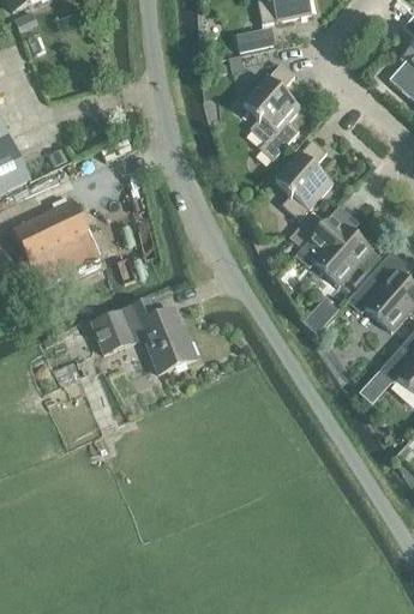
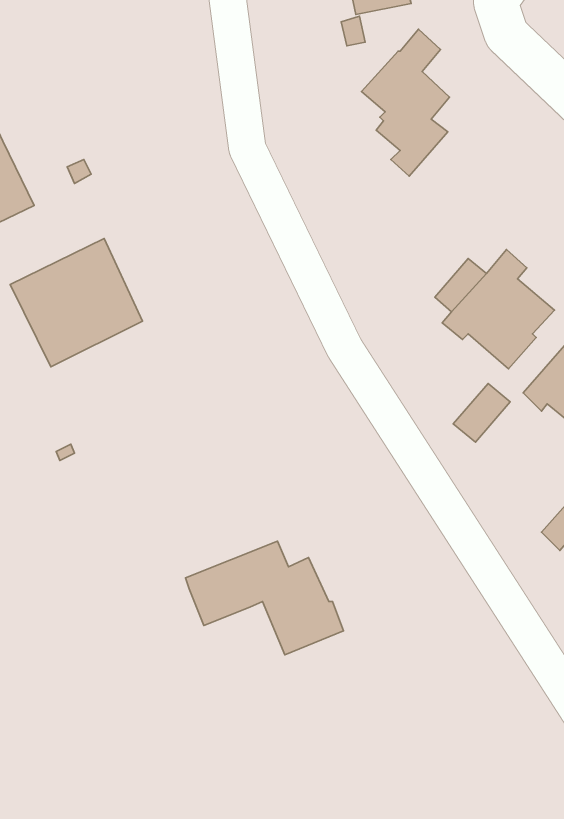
building: [275,139,332,218] -> none
building: [92,297,196,372] -> [185,541,344,655]

